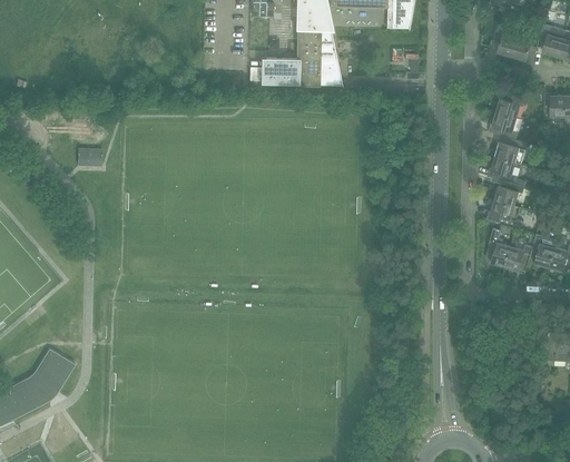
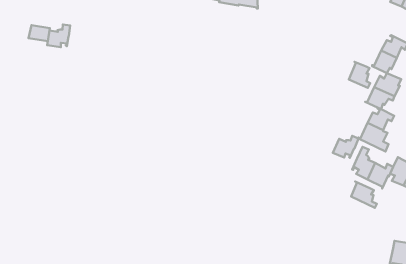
building: none -> [349,62,370,88]
building: none -> [47,25,70,47]
building: none -> [333,136,358,158]
building: none -> [351,181,377,208]

